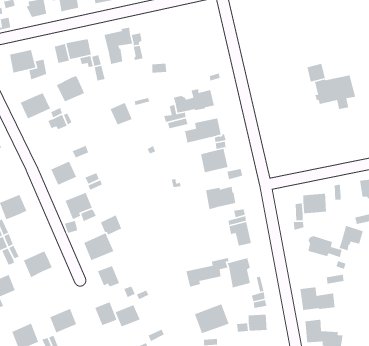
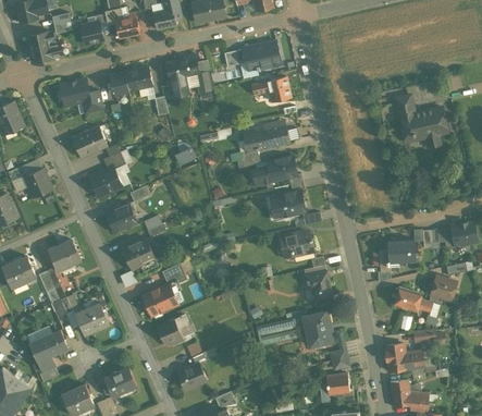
building: none -> [223,41,280,71]
building: none -> [251,76,291,102]
building: [56,75,85,102] -> [89,167,122,197]
building: [94,301,118,326] -> none
building: [194,303,229,334] -> none

